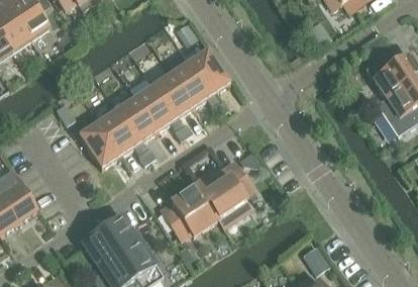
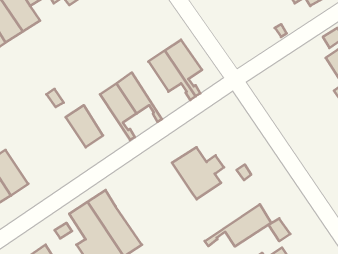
building: [152,72,193,135] -> none
building: [99,108,150,163] -> none
building: [162,184,219,237] -> none
building: none -> [205,204,271,246]

